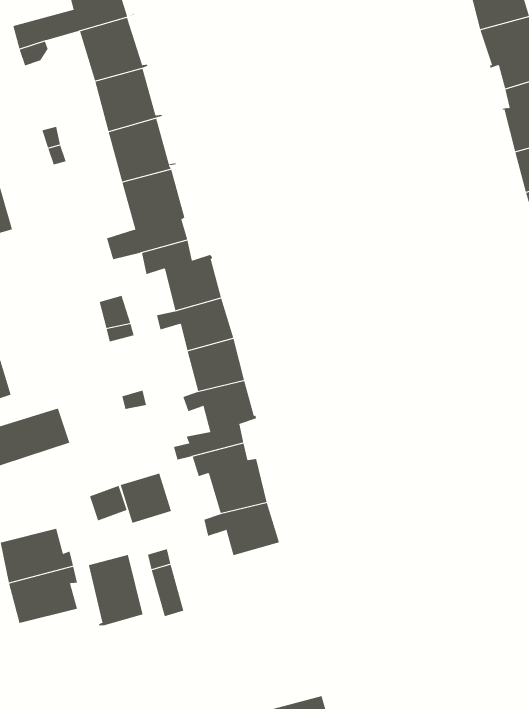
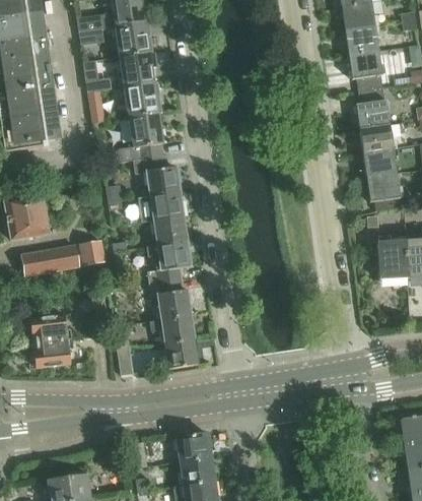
building: [120,473,172,523] -> [80,237,109,264]
building: none -> [165,340,198,369]
building: [83,554,143,626] -> none

